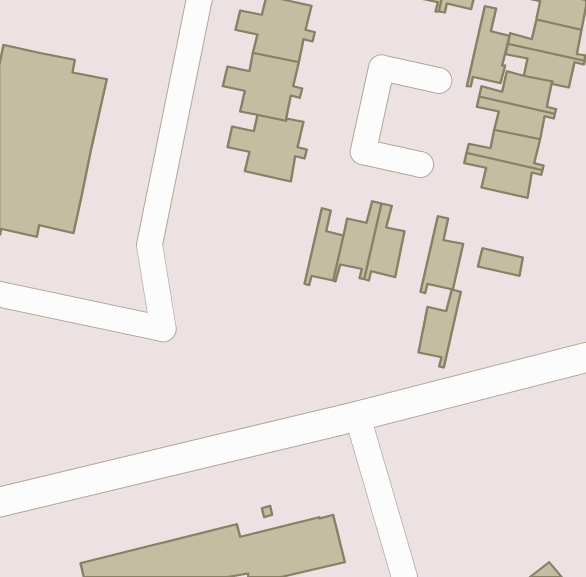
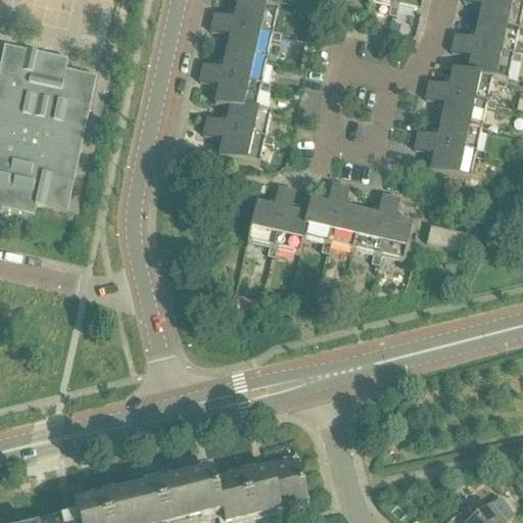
building: [467,6,510,87] -> none
building: none -> [246,183,286,252]
building: [418,289,461,368] -> [351,190,389,259]

